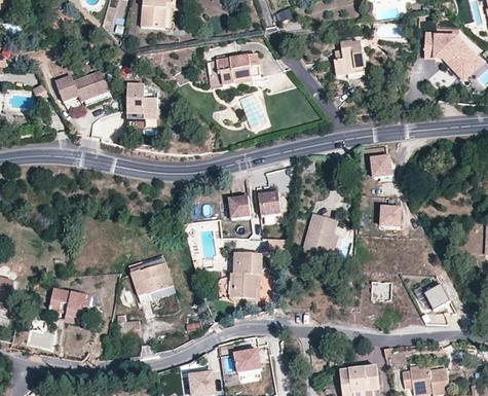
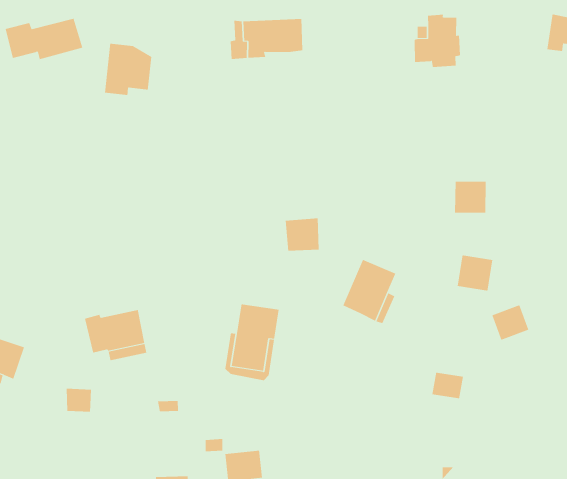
building: [227,191,252,216] -> none
building: [424,285,451,311] -> [491,304,529,340]

